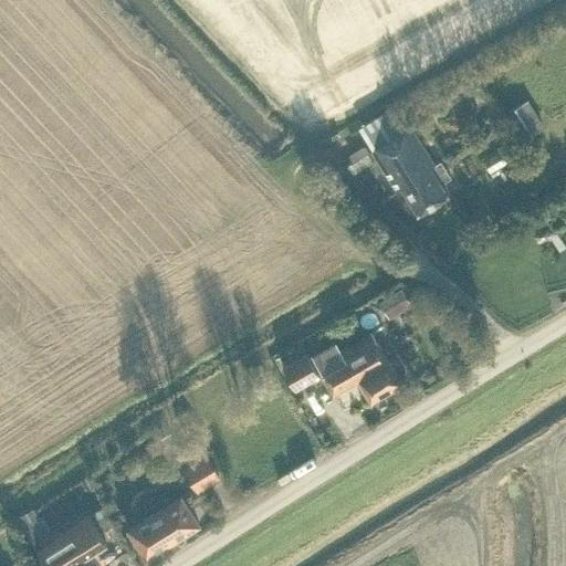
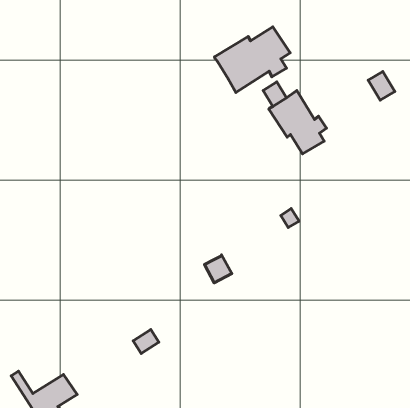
building: none -> [214,27,290,93]
building: [312,333,401,405] -> none
building: [127,497,198,559] -> none

